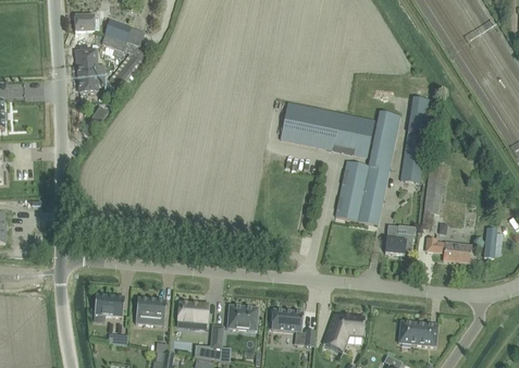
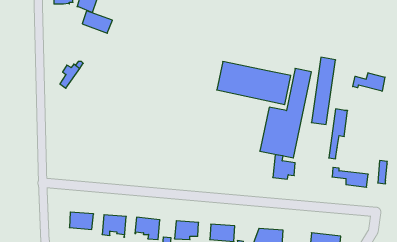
building: [76,51,96,91] -> none
building: none -> [353,73,385,91]
building: [384,224,412,255] -> [273,155,295,179]

